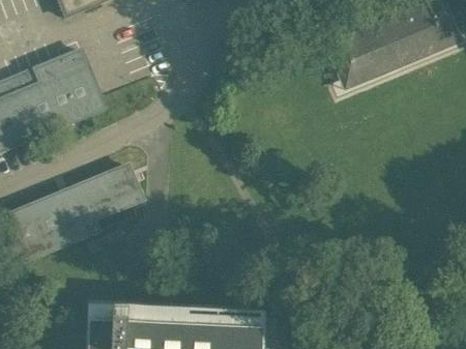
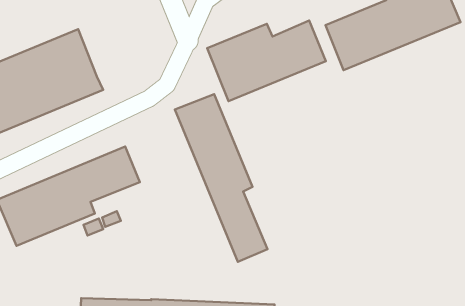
building: none -> [207,21,326,101]
building: none -> [175,94,268,262]

